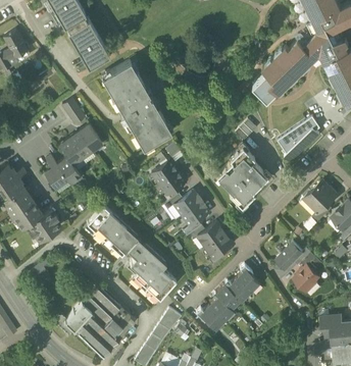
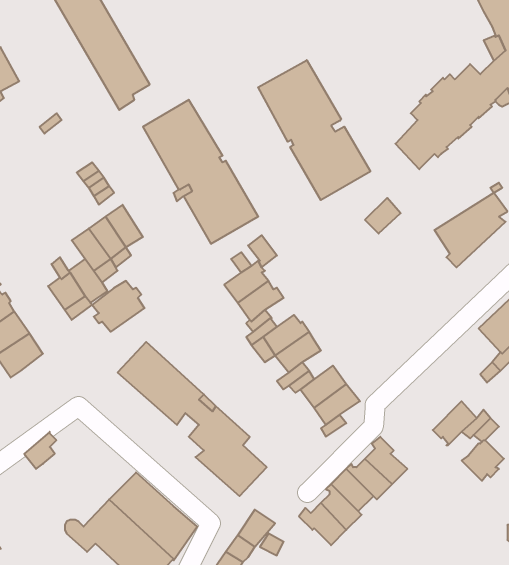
building: none -> [258,60,370,200]
building: [215,147,267,207] -> none
building: [29,210,60,241] -> [92,281,145,332]

